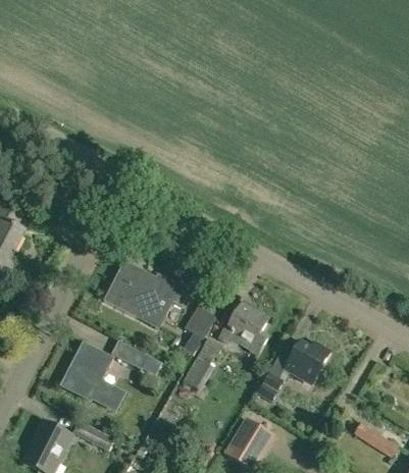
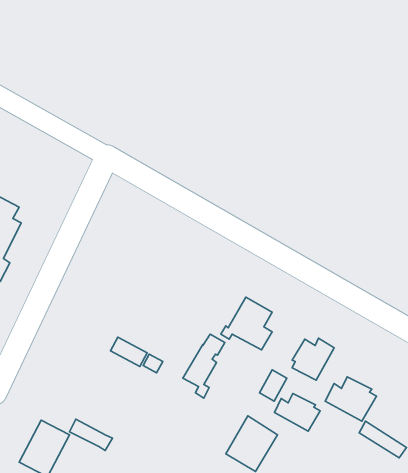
building: [110,264,175,325] -> none
building: [182,305,214,354] -> none
building: [61,344,123,411] -> none
building: none -> [325,377,376,421]
building: none -> [274,393,320,431]

